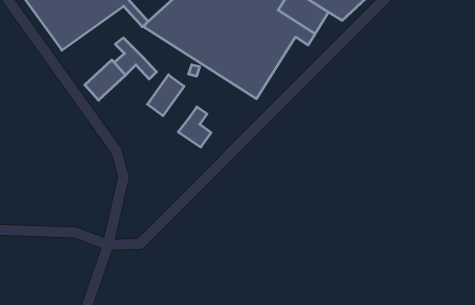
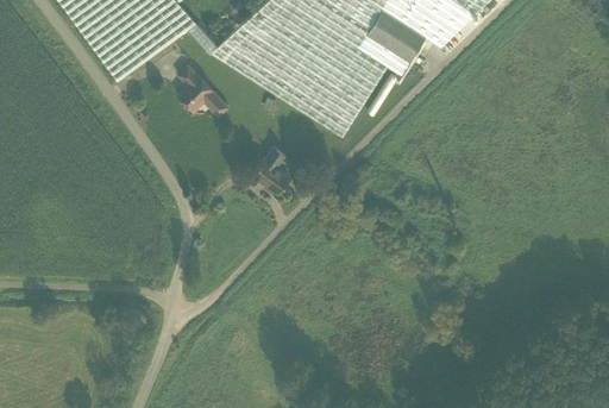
building: [85,60,126,100] -> none
building: [147,75,184,116] -> none

